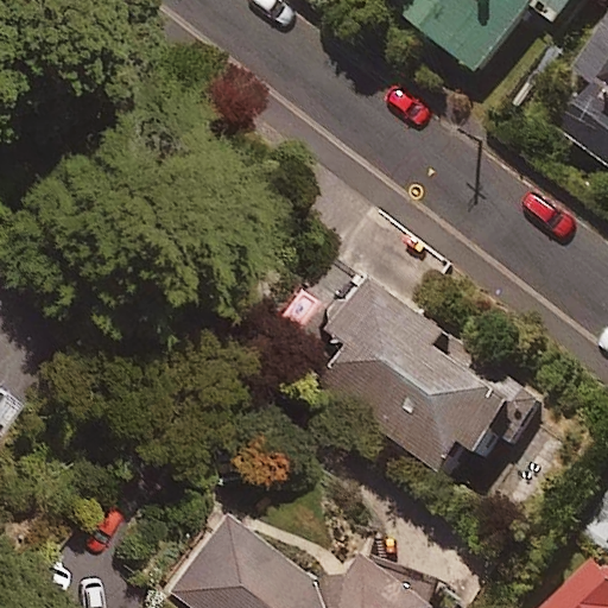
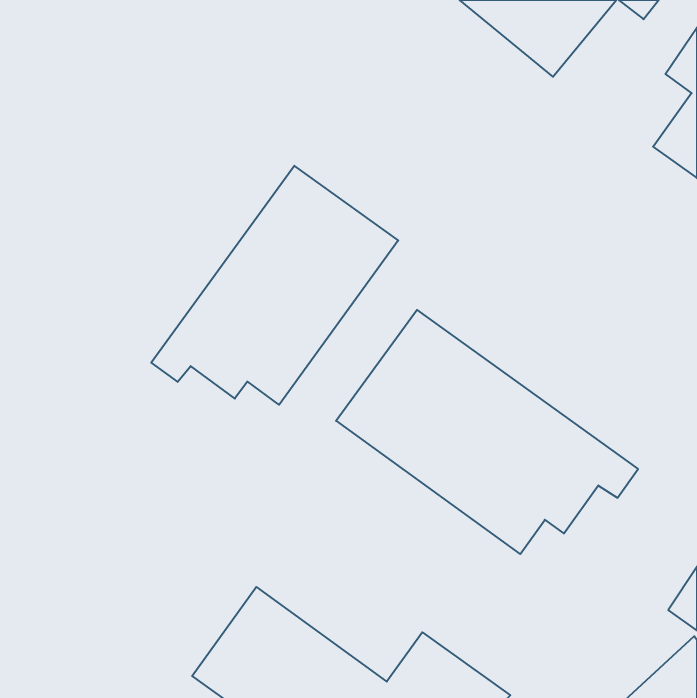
building: none -> [151,166,398,405]

